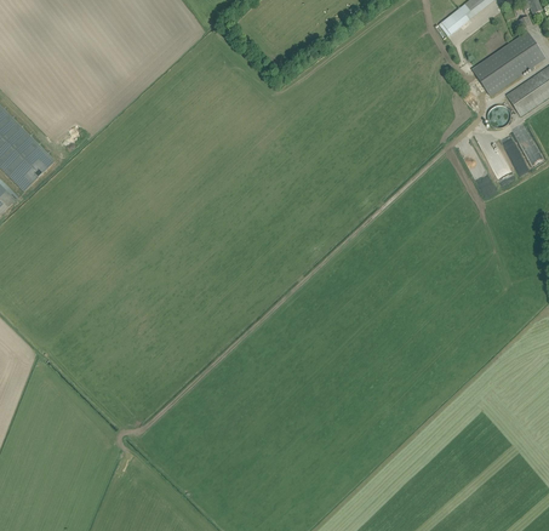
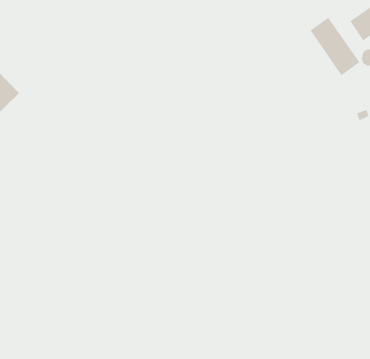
building: none -> [310,17,360,76]

